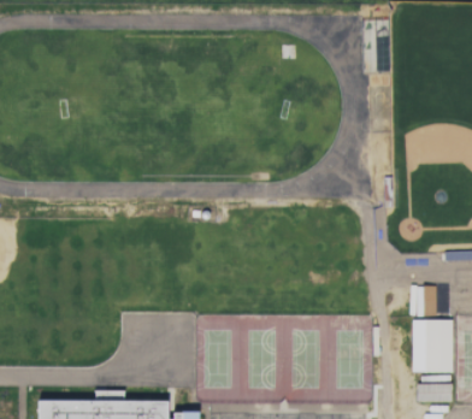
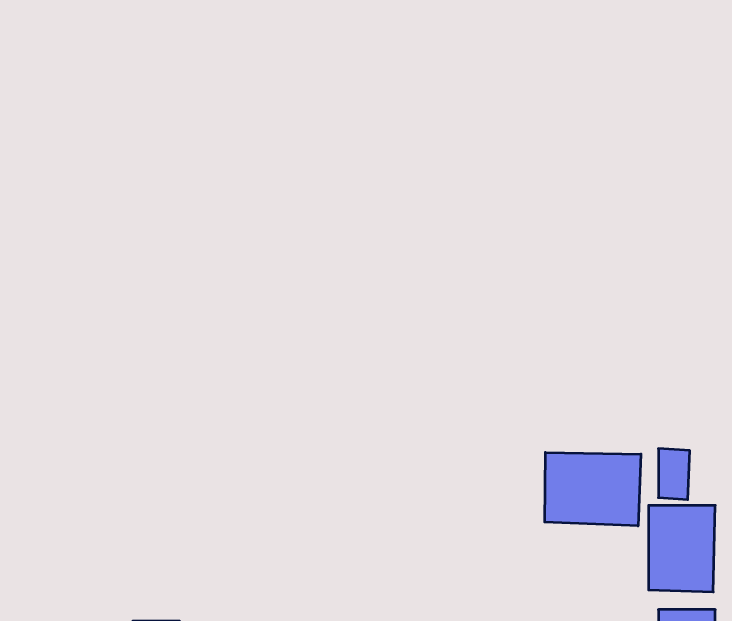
building: none -> [545,452,641,526]

